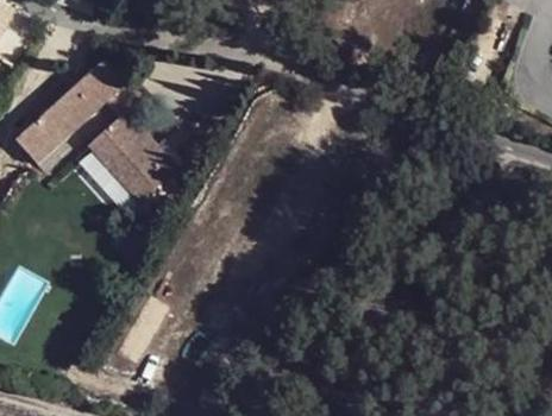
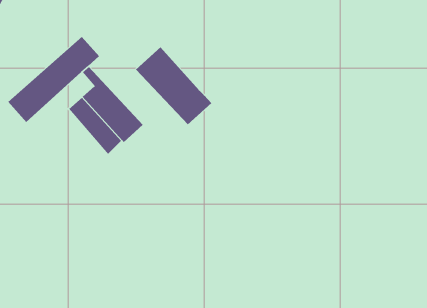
building: none -> [135,46,212,125]

